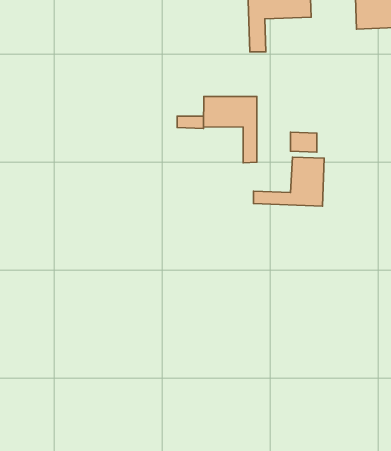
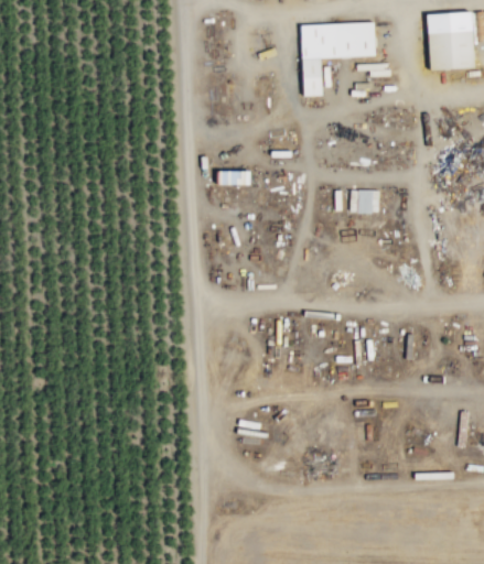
building: [204,96,257,163] -> none
building: [253,157,324,206] -> none

